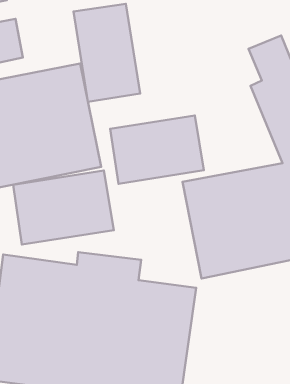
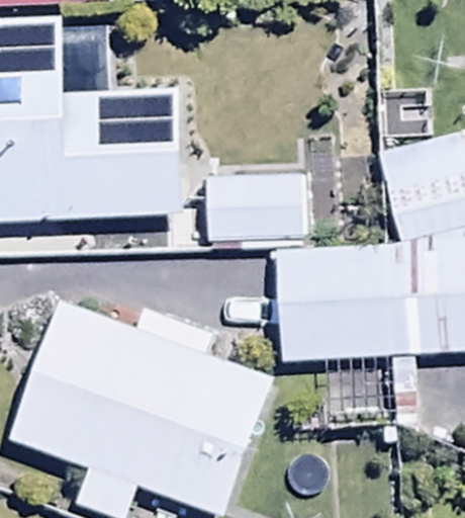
building: [74,4,140,102] -> none
building: [13,171,114,245] -> none

